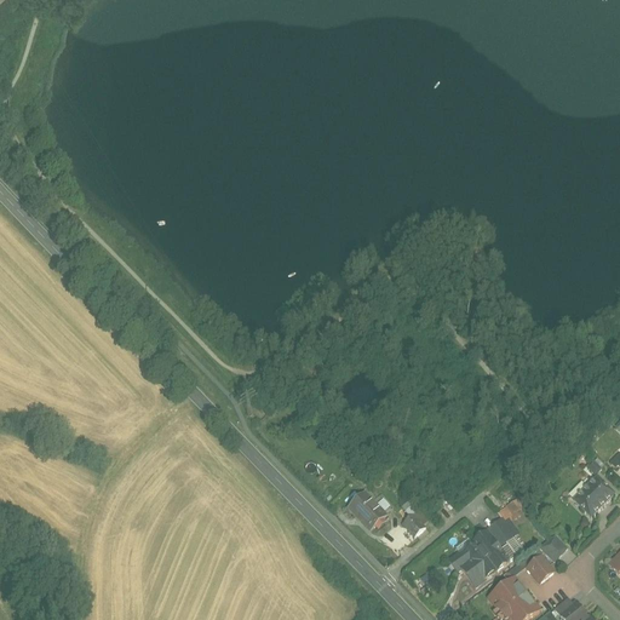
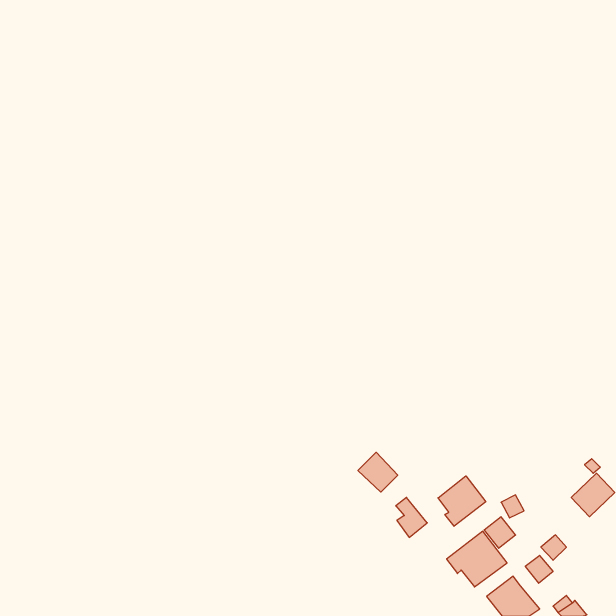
building: none -> [438,476,486,526]
building: [346,490,386,530] -> [358,452,398,492]

